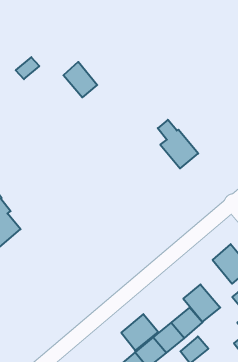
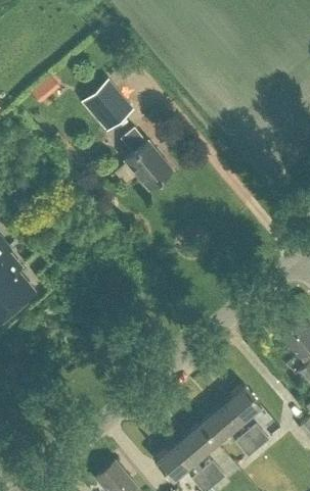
building: [158,120,198,168] -> [123,129,173,189]
building: [183,284,220,322] -> none
building: [121,314,158,351] -> none

